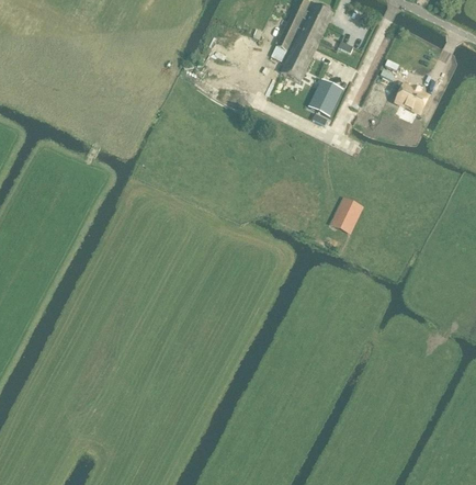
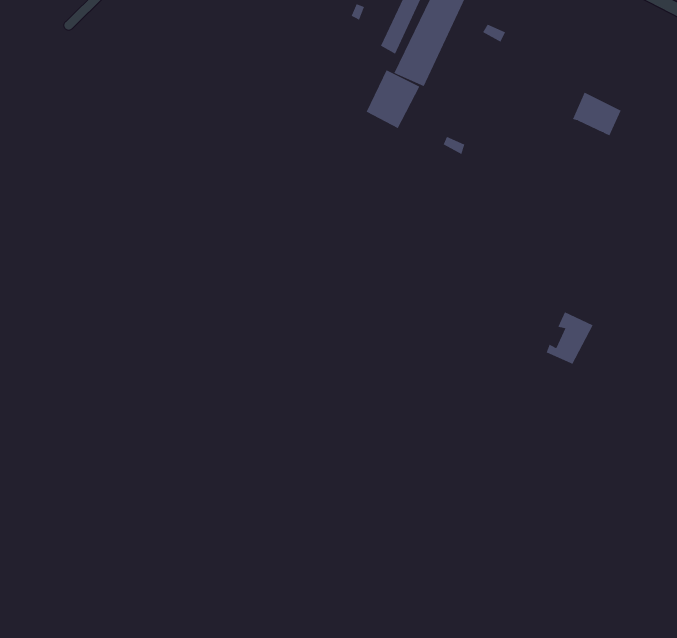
building: [308,77,343,115] -> [366,69,420,129]
building: [331,196,362,230] -> [546,312,593,364]

